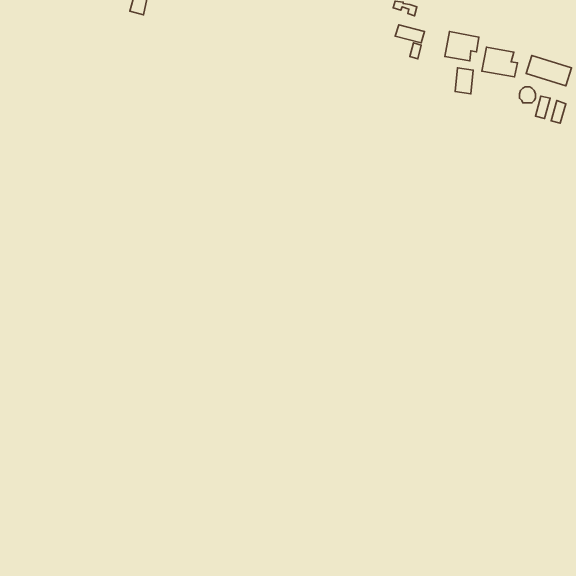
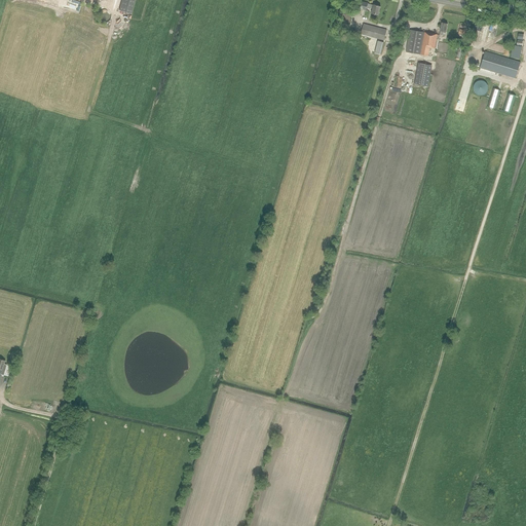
building: [482,47,518,77] -> none

